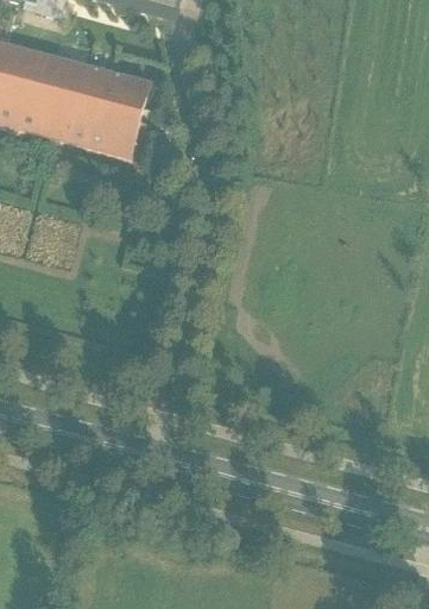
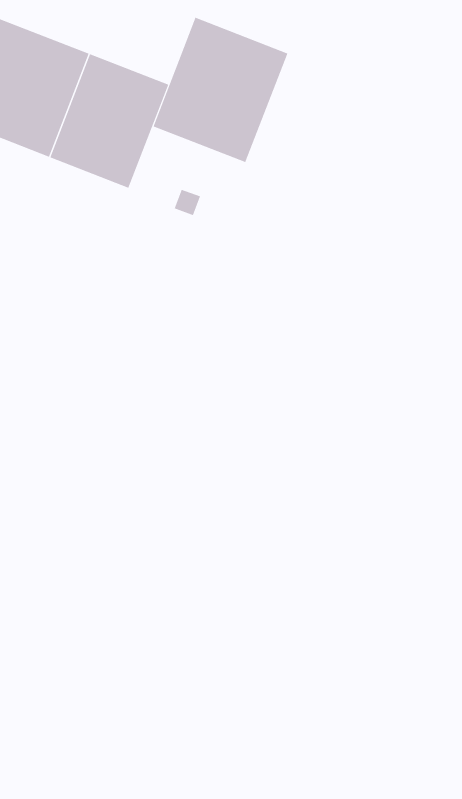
building: none -> [153,17,288,163]

